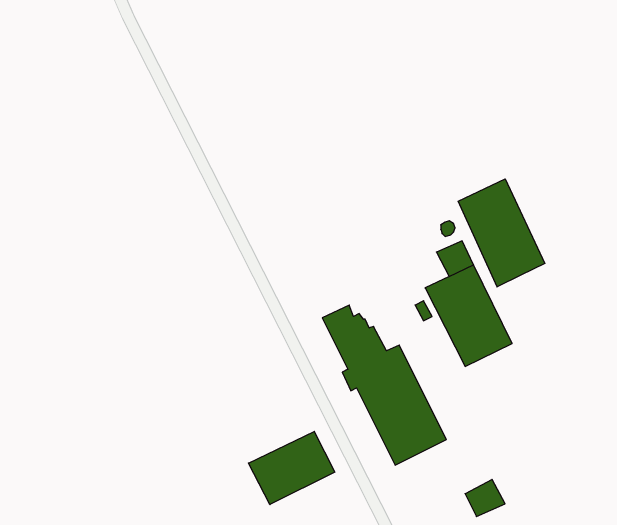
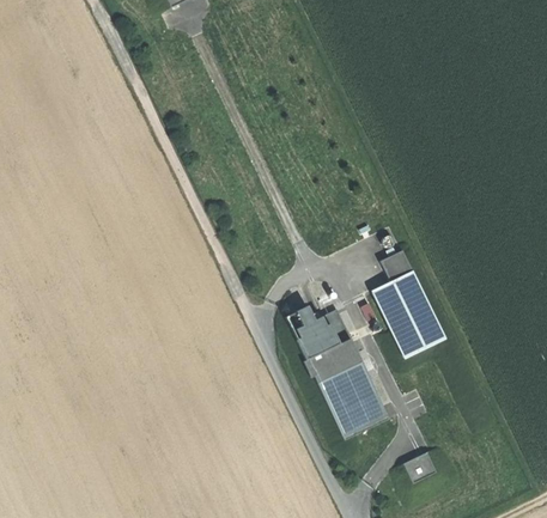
building: [458,179,545,287] -> none
building: [248,431,335,505] -> none

